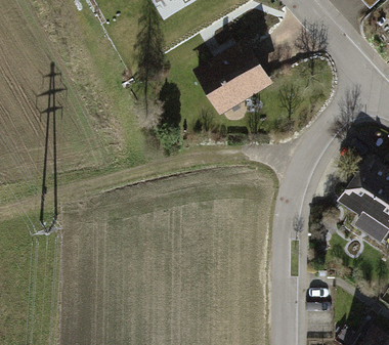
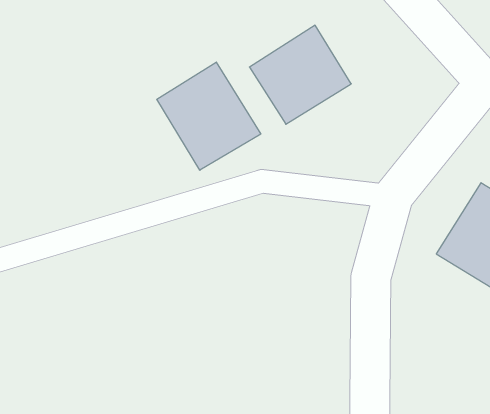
building: none -> [157,62,261,170]

